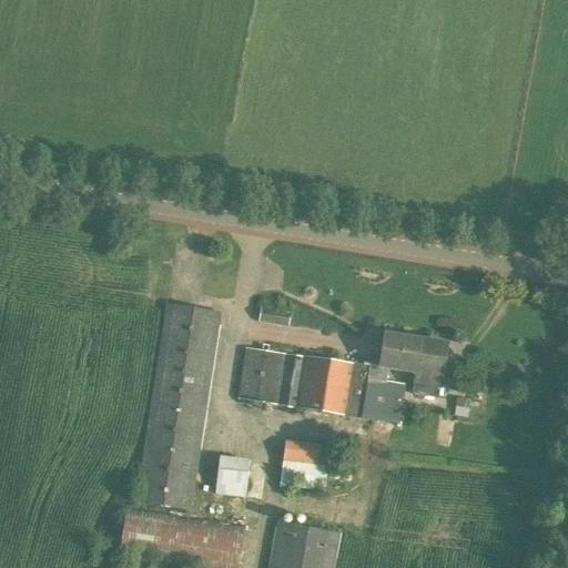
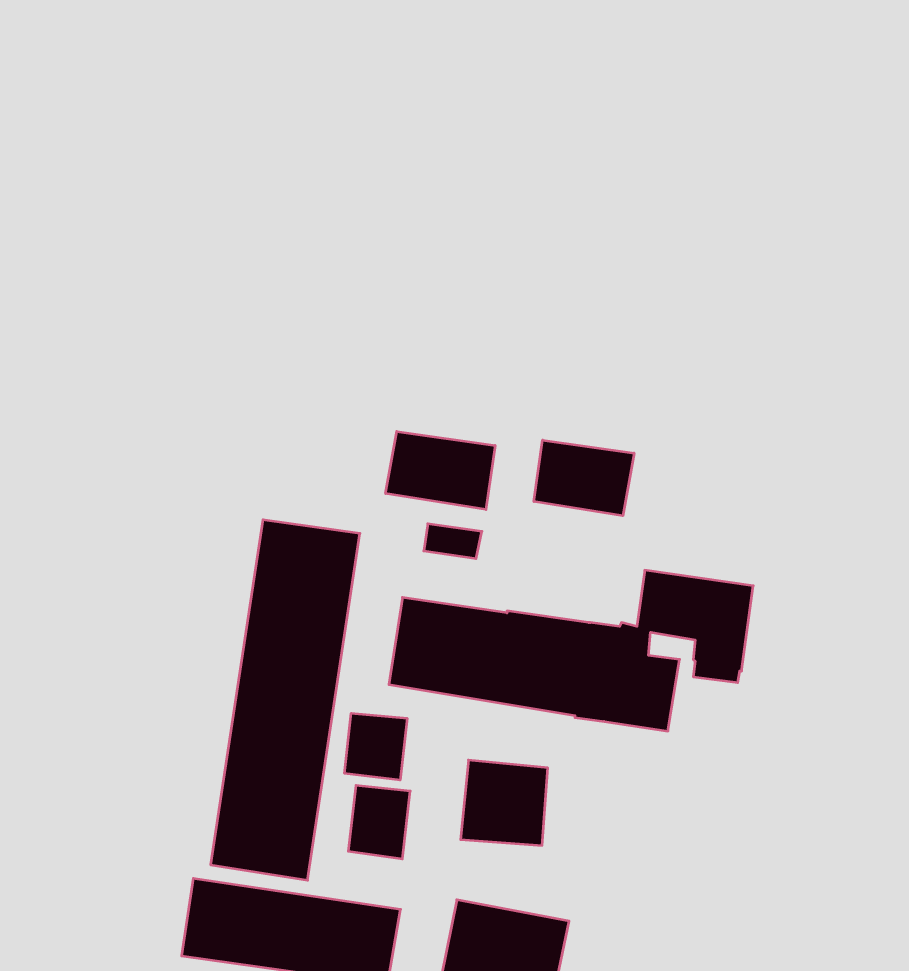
building: none -> [386,431,495,510]
building: none -> [534,440,634,516]
building: none -> [345,713,407,780]

